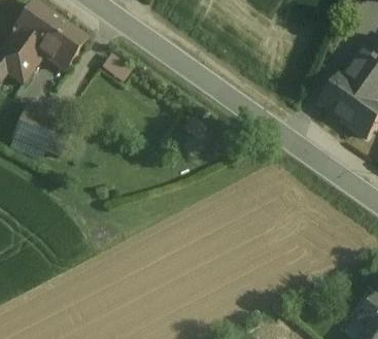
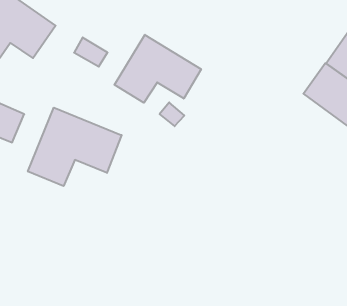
building: none -> [114,35,201,103]
building: none -> [28,108,122,186]

